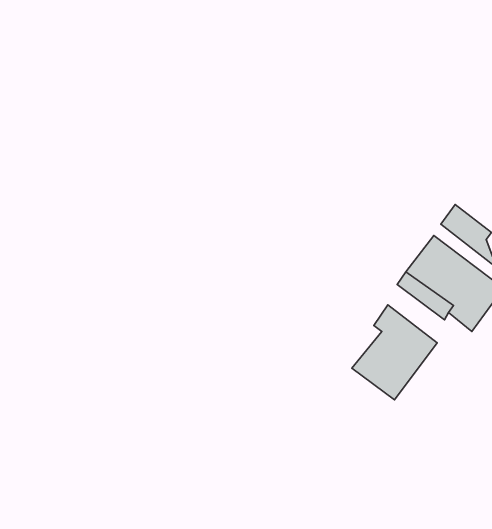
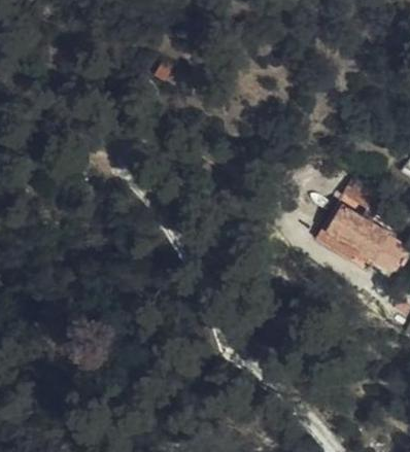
building: [352,305,437,400] -> none

